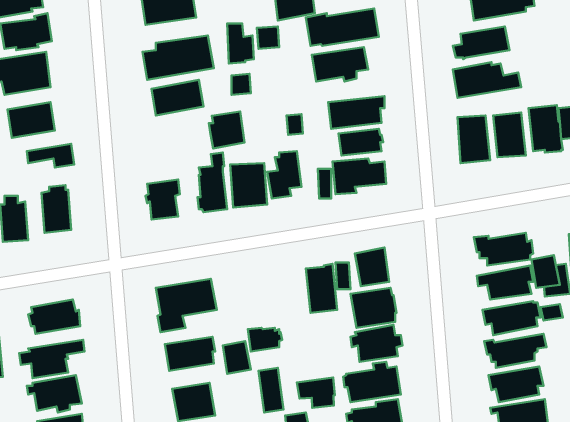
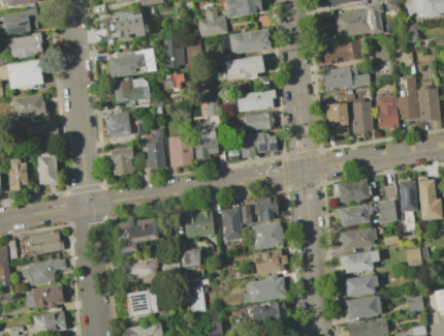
building: [209,111,244,149] -> [105,112,130,138]
building: none -> [184,210,214,237]
building: [297,377,335,408] -> none

